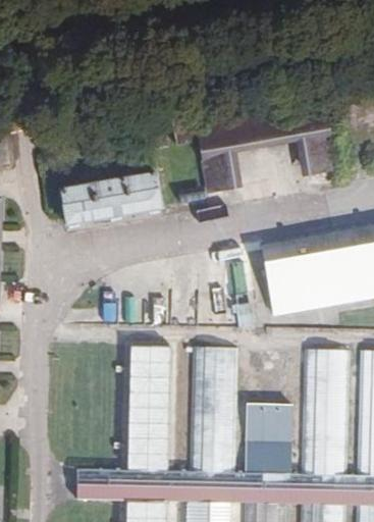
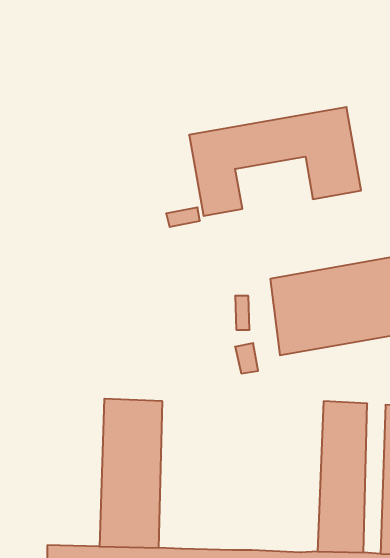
building: [62,174,159,228] -> none
building: [190,349,236,474] -> none
building: [249,404,291,476] -> none

